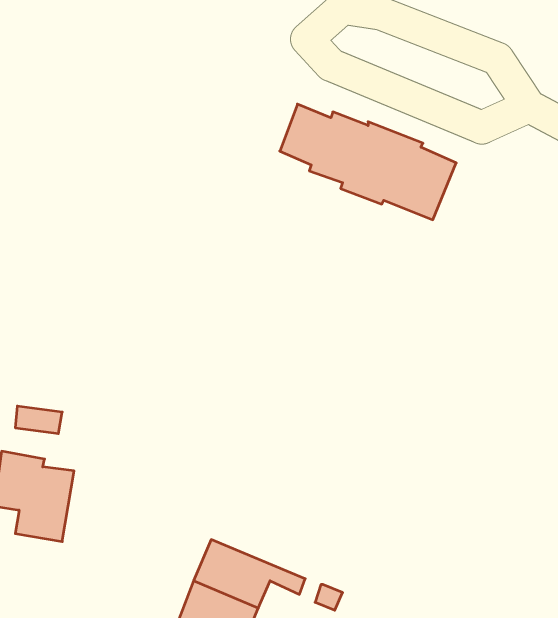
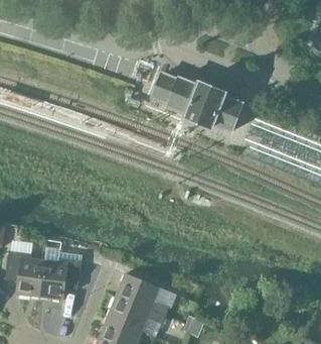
building: none -> [41,259,82,302]
building: none -> [118,274,169,317]

